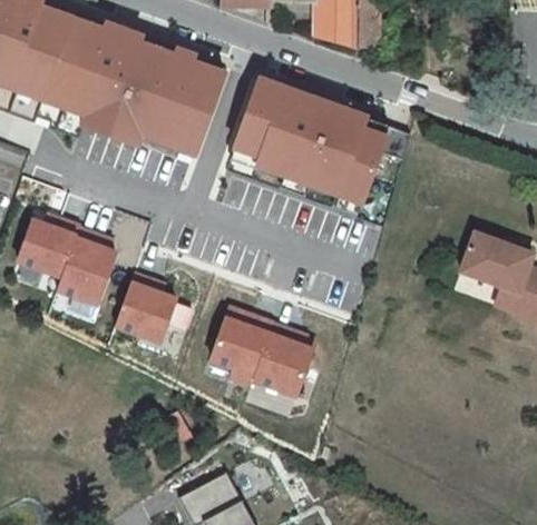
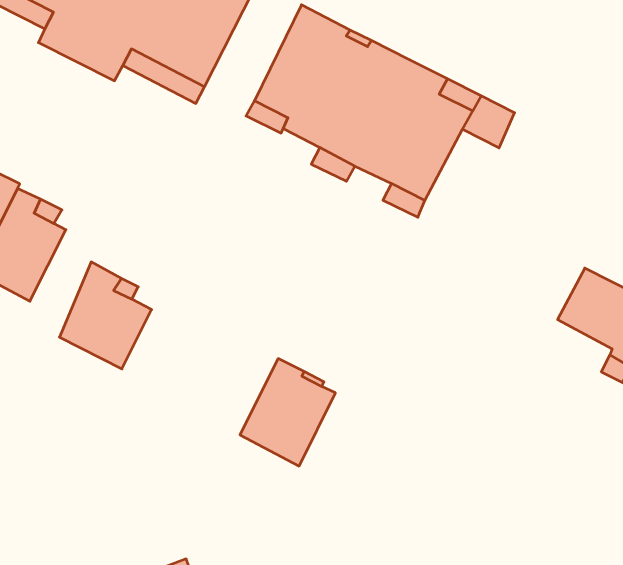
building: [209,307,272,384] -> none

